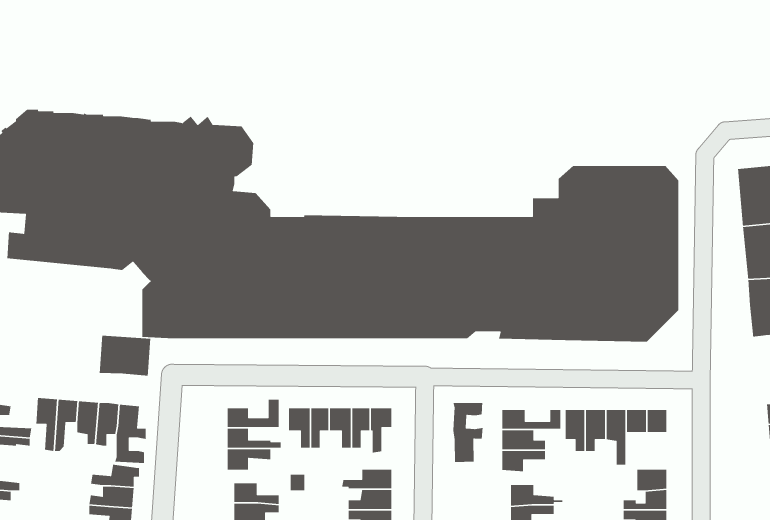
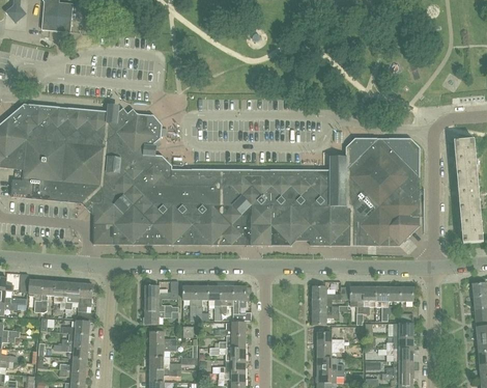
building: [99,335,151,376] -> none
building: [453,402,483,463] -> none

